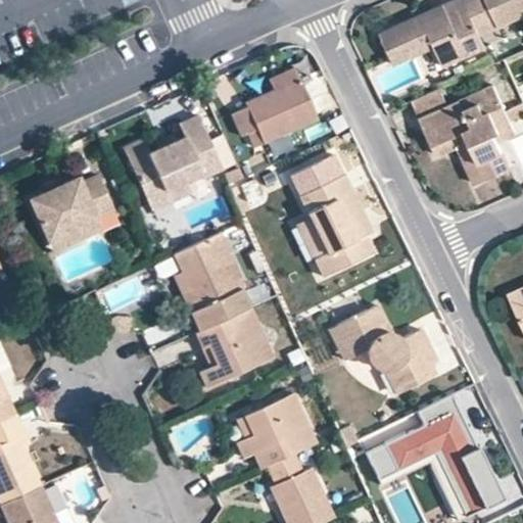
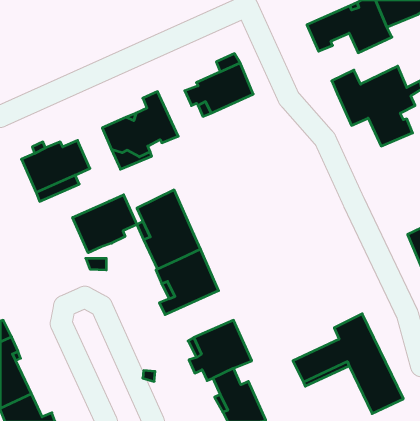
building: [293,153,374,278] -> none
building: none -> [73,195,137,253]
building: [329,302,437,392] -> none

